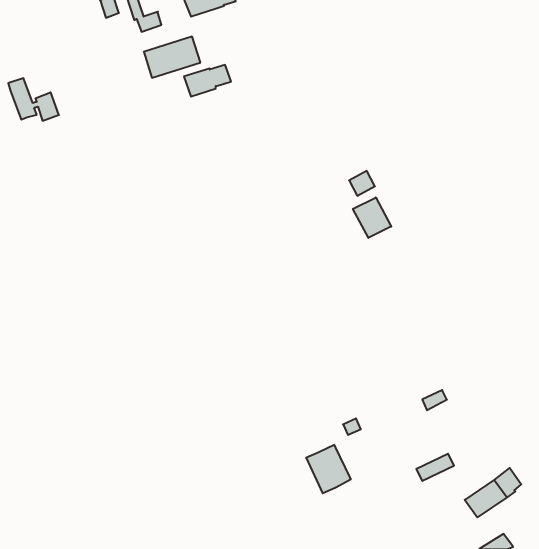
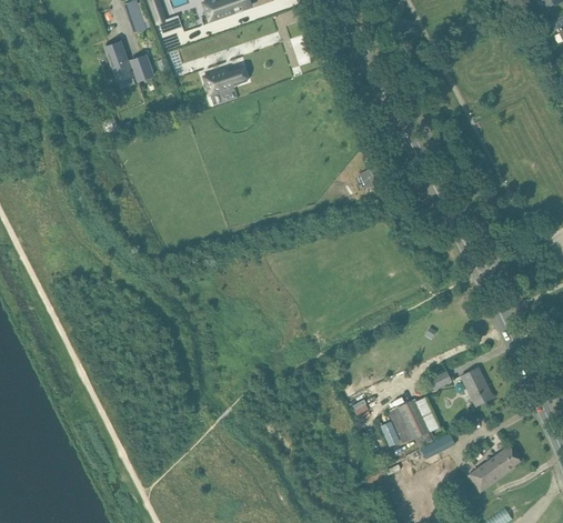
building: [8,78,59,121] -> [105,41,153,81]
building: [353,197,391,238] -> none
building: none -> [461,366,493,405]
building: [306,445,351,493] -> [388,399,430,444]

